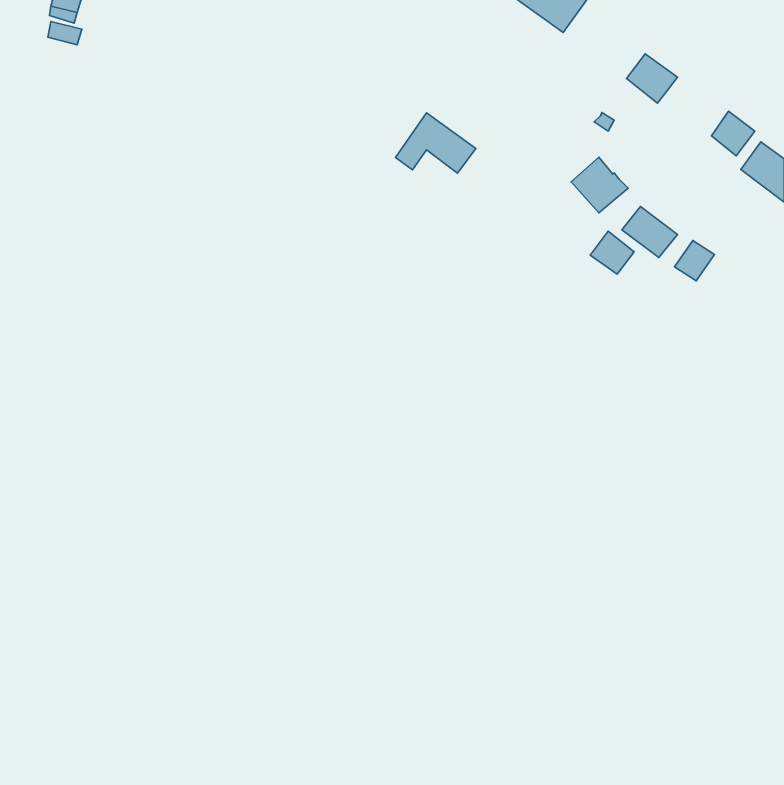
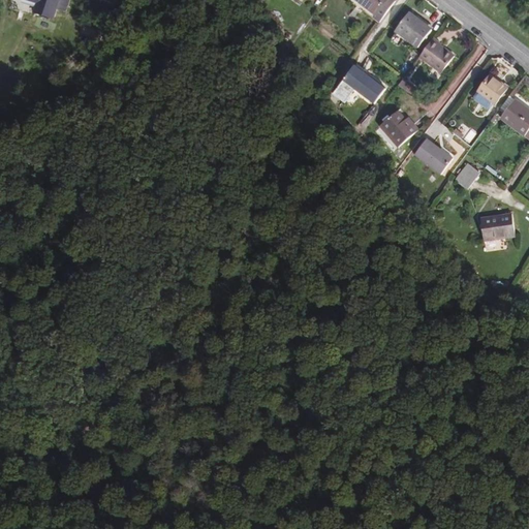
building: none -> [395,13,430,48]
building: [396,113,476,173] -> [333,66,386,106]
building: [590,231,634,274] -> none
building: none -> [479,211,515,240]

